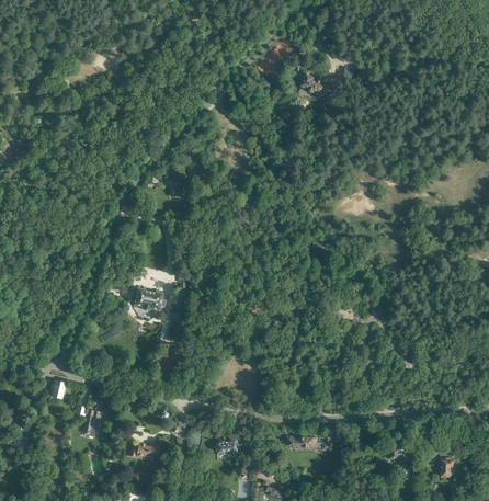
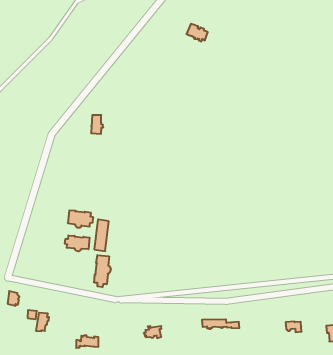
building: none -> [65,235,90,251]
building: none -> [94,255,111,287]

